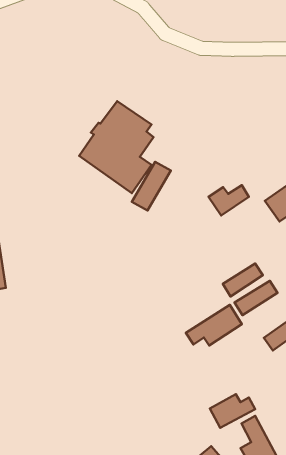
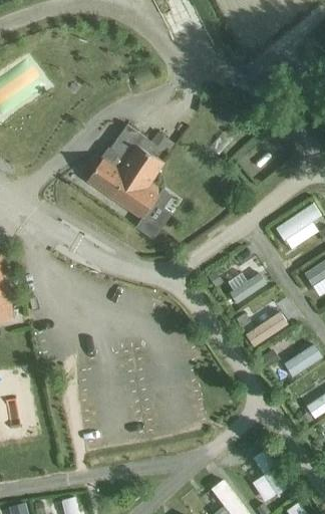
building: [209,185,249,215] -> [227,271,268,302]
building: [186,305,242,345] -> none
building: [210,394,255,428] -> none

